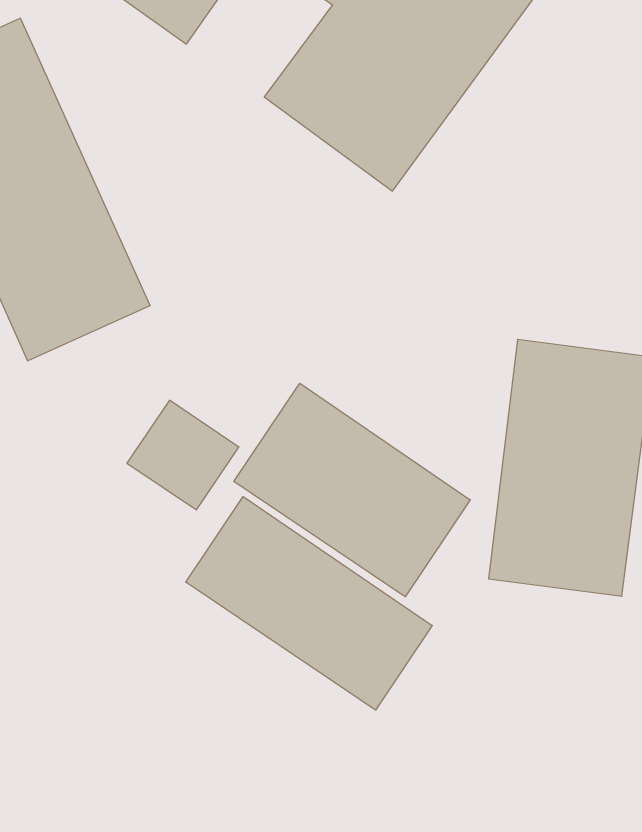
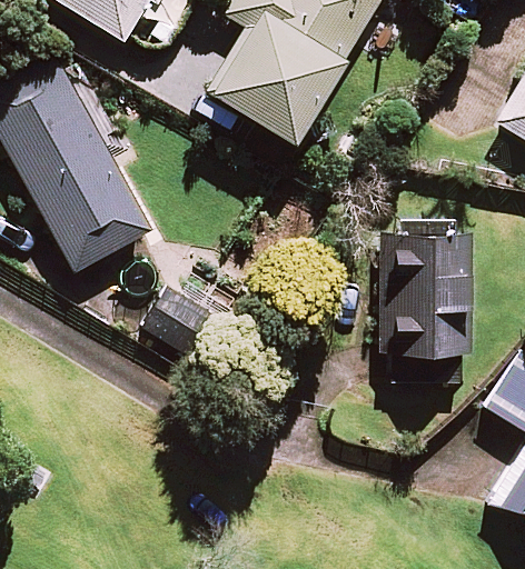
building: [234,383,470,597] -> none
building: [186,497,432,710] -> none

